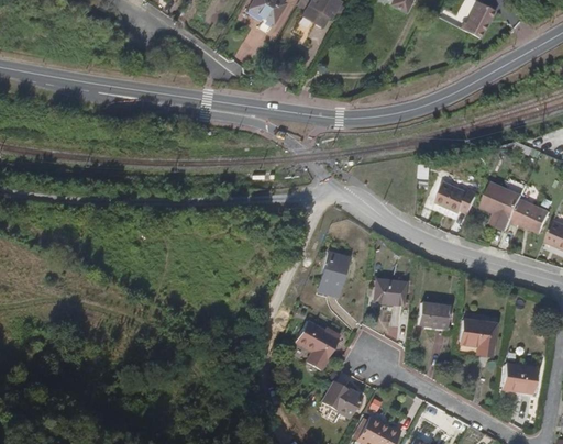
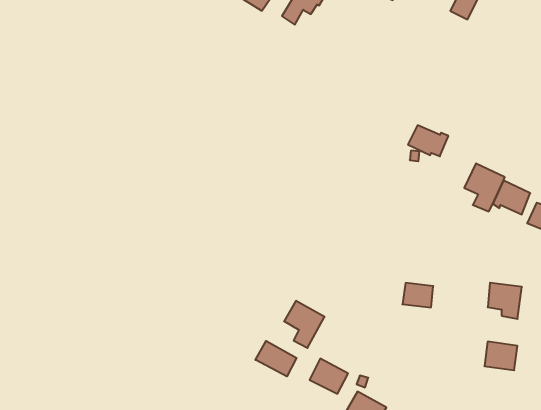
building: [437,181,478,213] -> [408,125,448,156]
building: [318,253,350,298] -> none
building: [374,279,406,306] -> none
building: [461,320,496,357] -> [488,283,522,319]
building: none -> [255,341,297,376]

